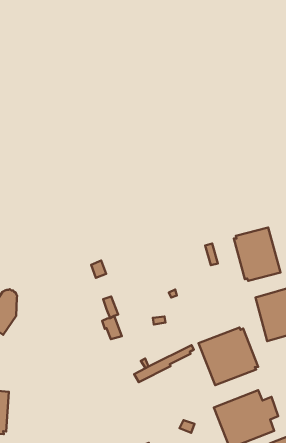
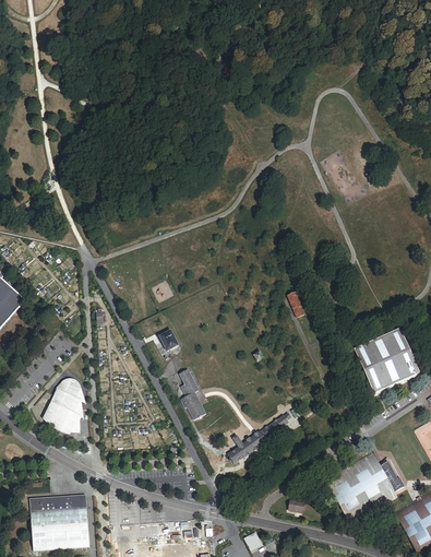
building: [234,227,281,281] -> none
building: [199,327,258,385] -> none

